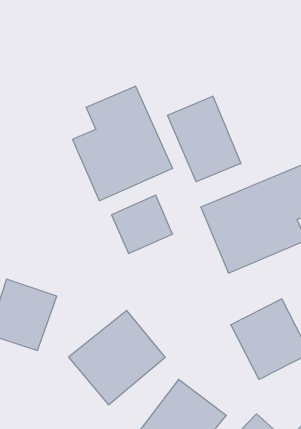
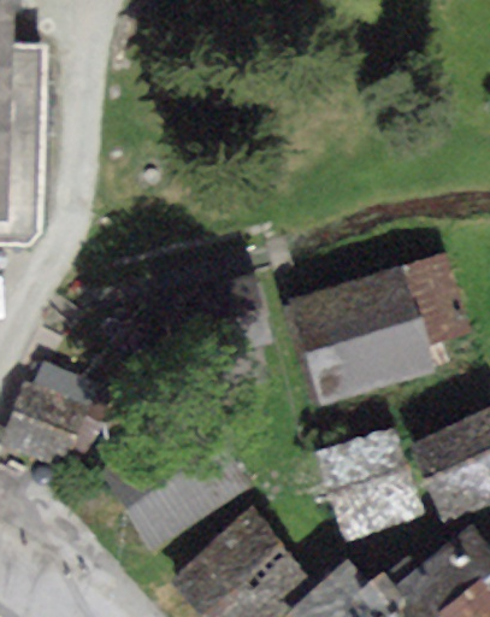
building: [73,86,172,201] -> none
building: [167,96,241,182] -> none

